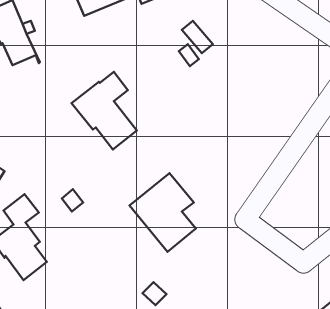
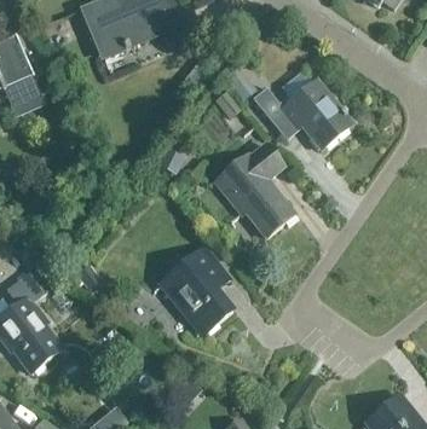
building: none -> [252,80,351,147]
building: [72,72,137,150] -> [215,143,294,236]

